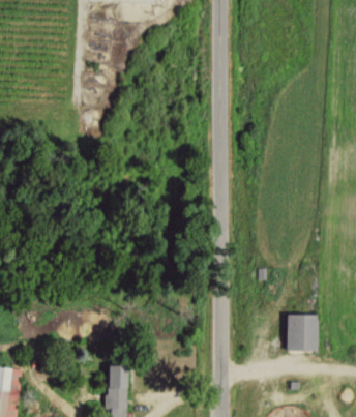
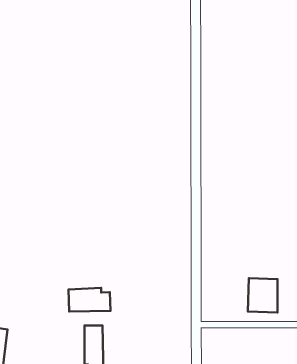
building: none -> [68,288,111,312]

